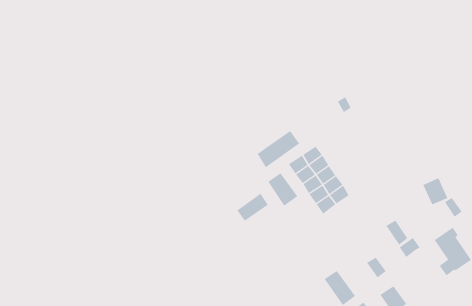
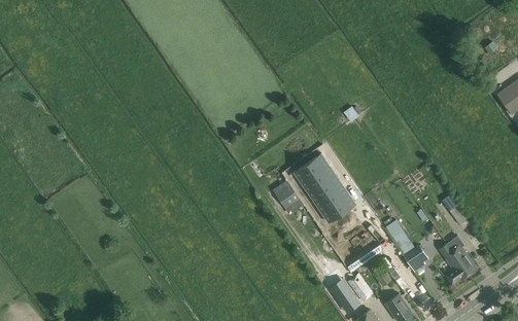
building: [257,130,300,168] -> none
building: [236,193,268,222] -> none

